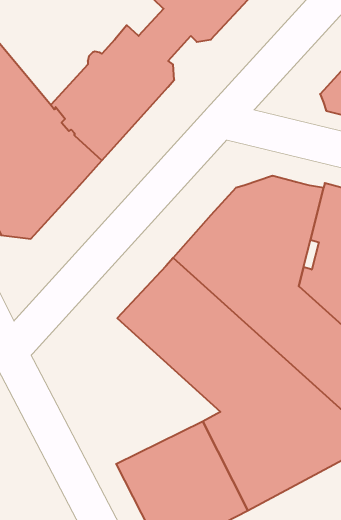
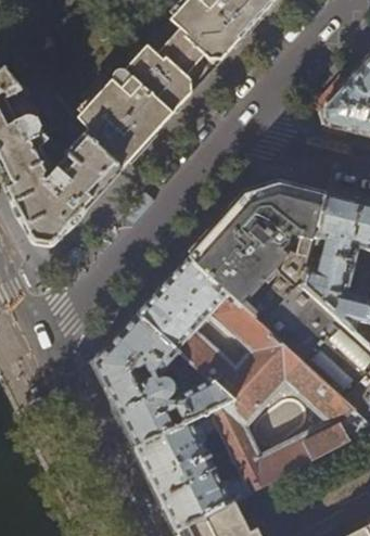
building: none -> [92,314,230,447]

